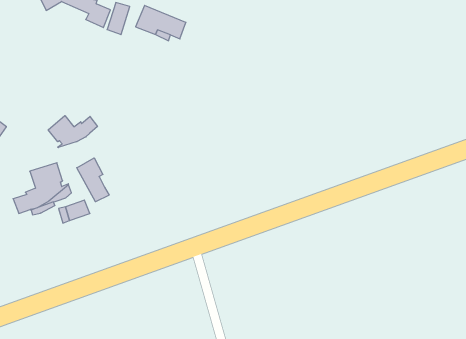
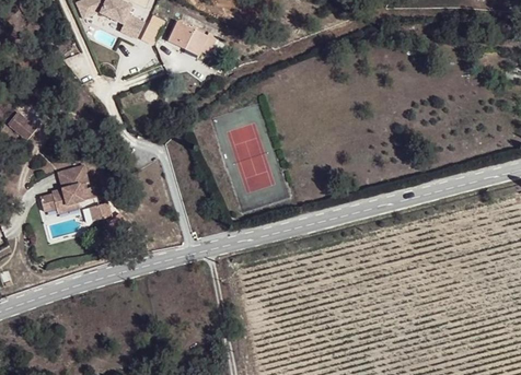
building: [48,116,97,148] -> none
building: [77,158,109,202] -> none

